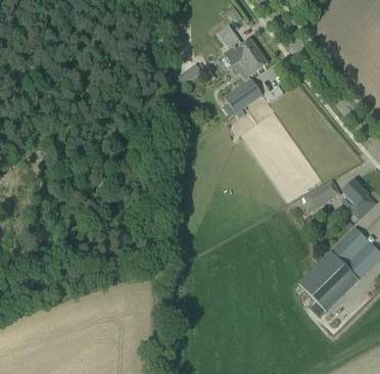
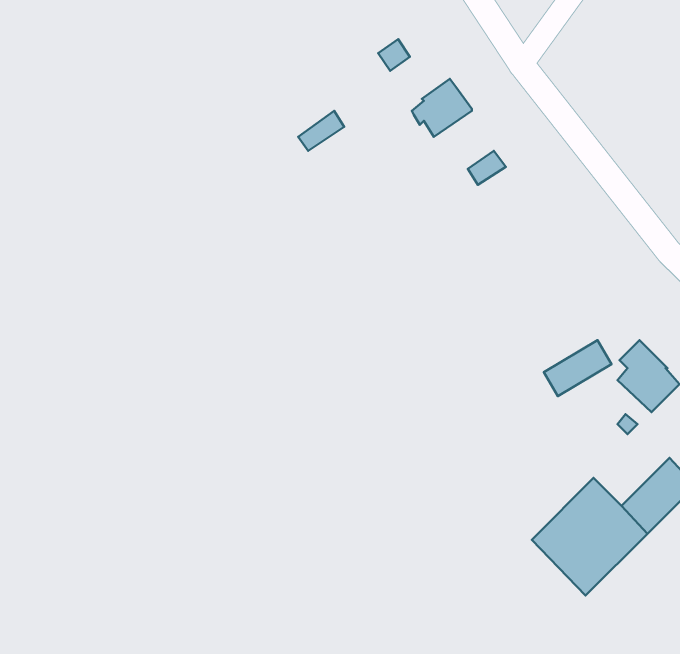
building: [224,39,256,65] -> none
building: [224,78,262,113] -> none
building: [330,227,369,266] -> none

